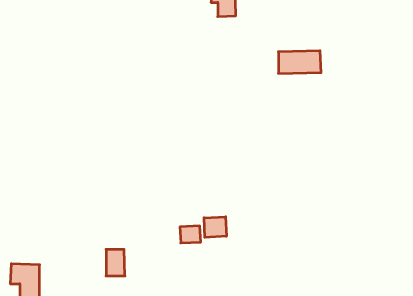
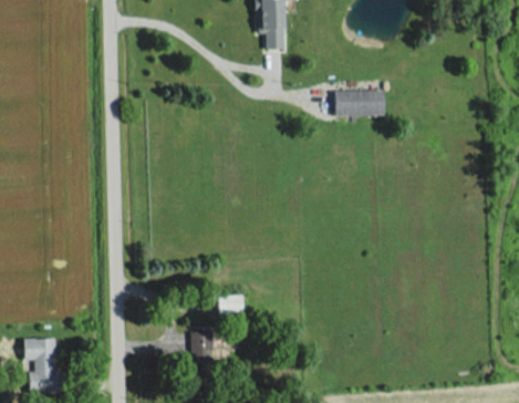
building: [204,217,226,237] -> none
building: [106,249,125,276] -> [191,331,214,362]

